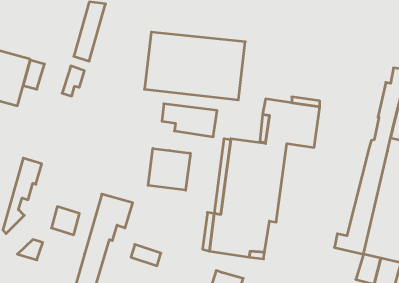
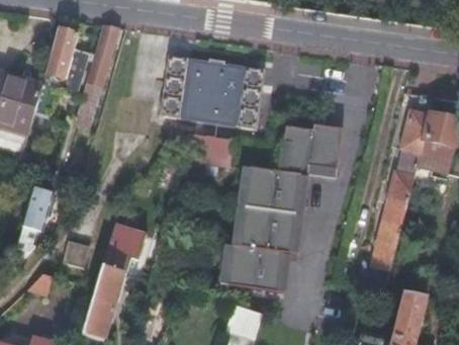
building: none -> [43,28,77,79]
building: [148,148,190,190] -> none

